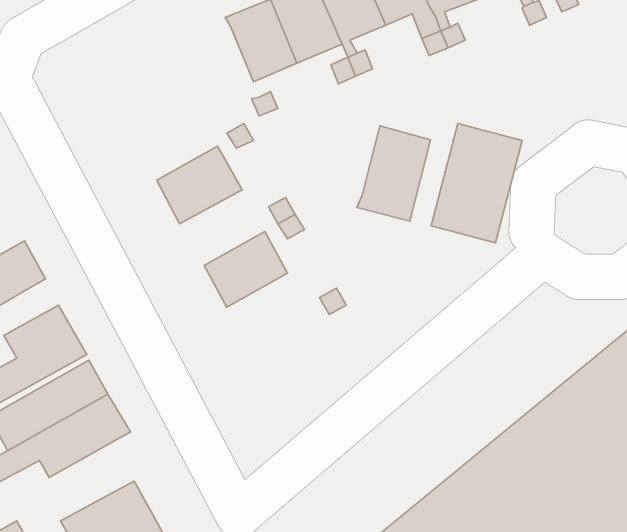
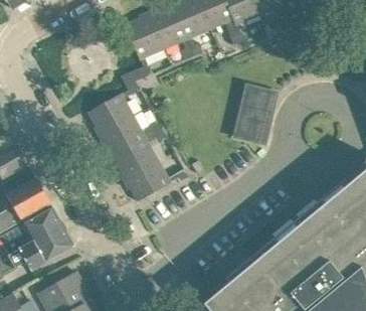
building: [357,126,430,221] -> none
building: none -> [100,117,145,157]
building: none -> [125,161,170,201]

